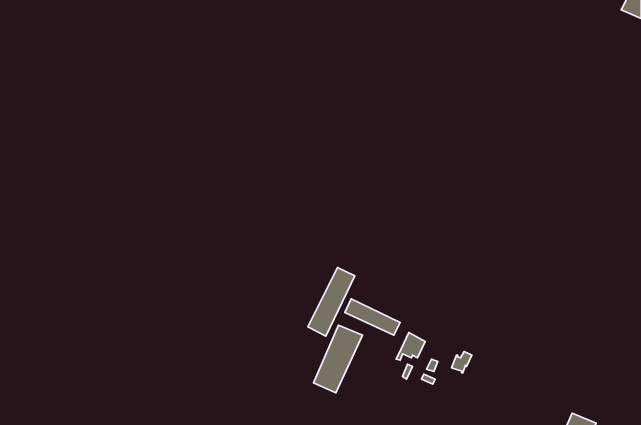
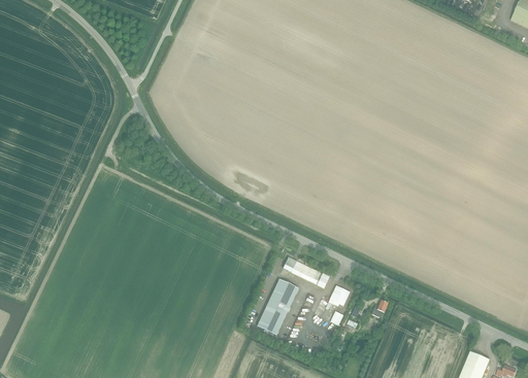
building: [308,267,355,336] -> none

